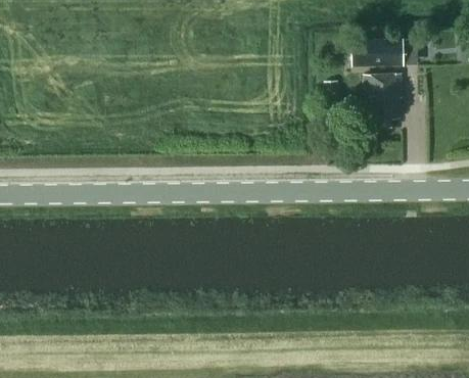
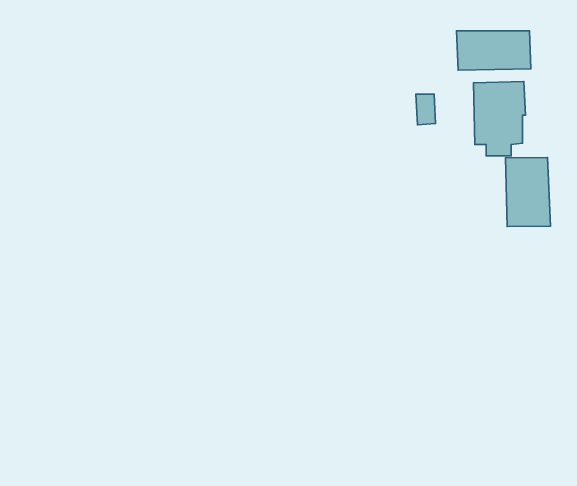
building: none -> [506,157,551,227]

